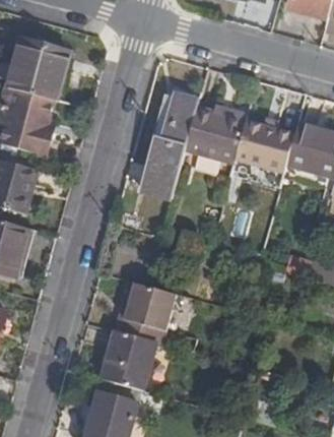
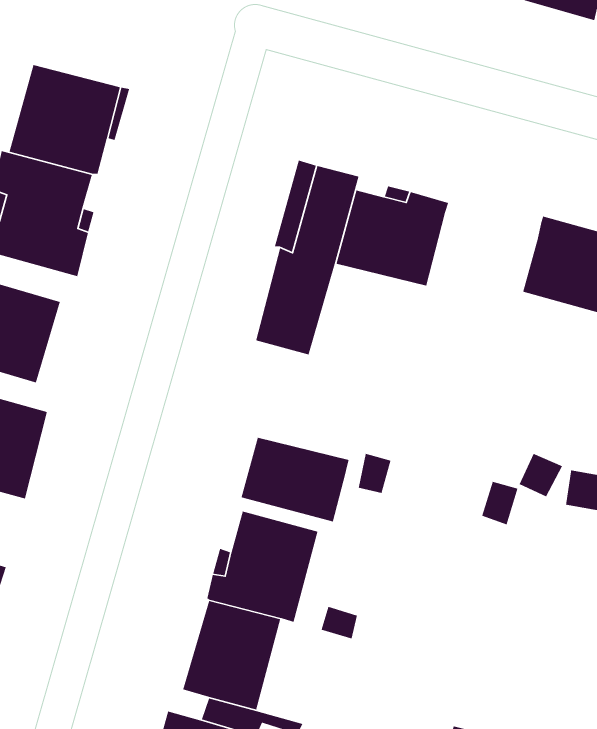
building: [230,121,294,187] -> none
building: none -> [240,437,350,522]

